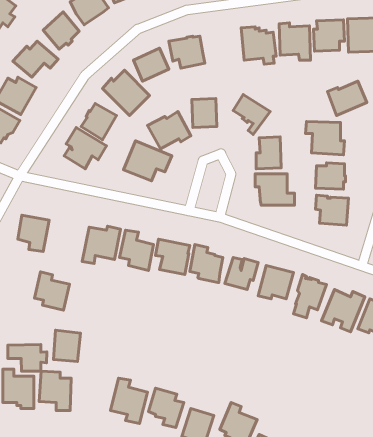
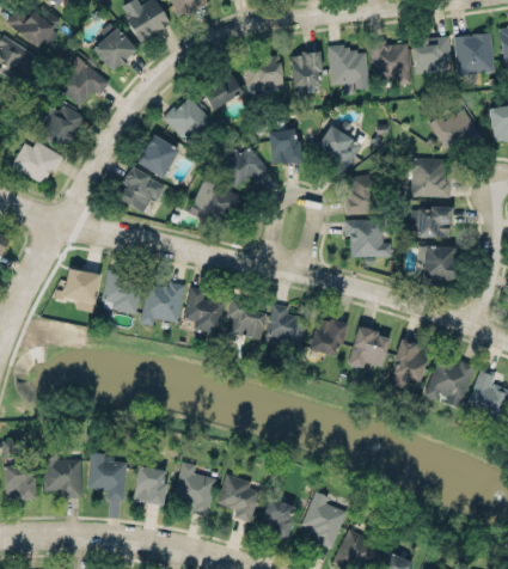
building: none -> [290,51,322,88]
building: [34,272,70,310] -> [100,269,142,314]
building: [53,330,80,361] -> [134,467,166,504]
building: [8,344,47,371] -> none

